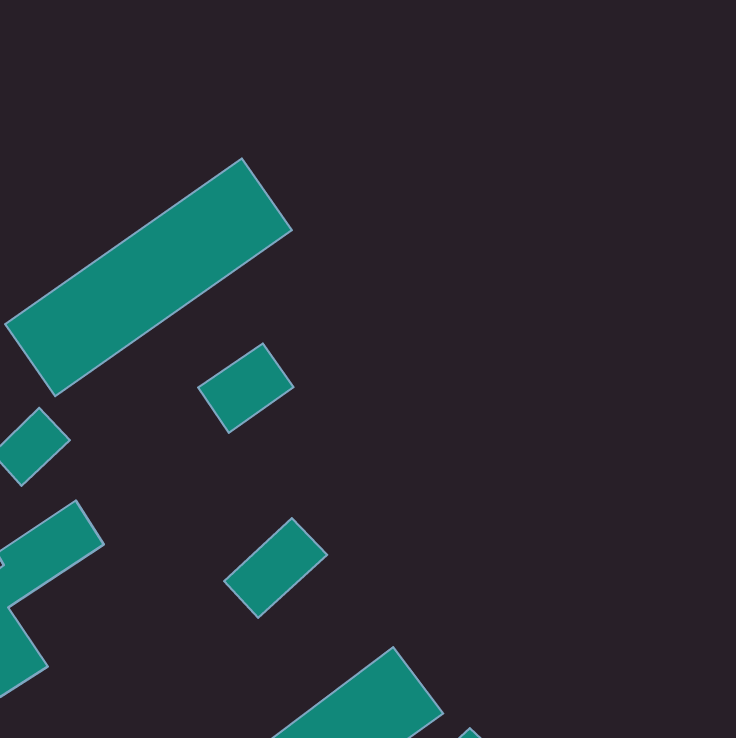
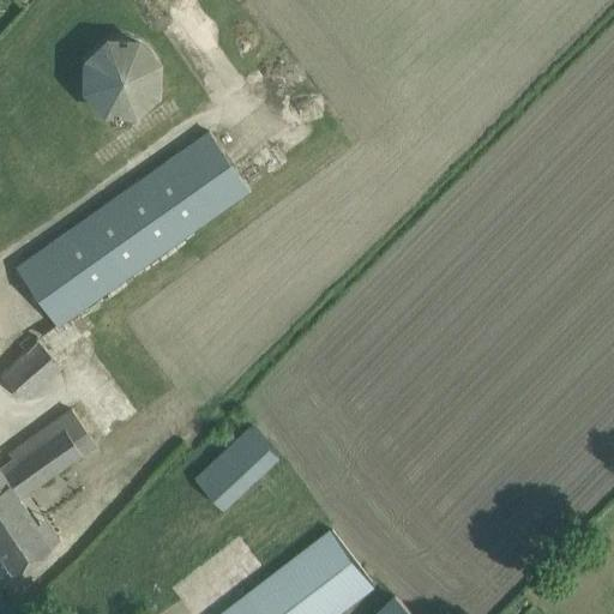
building: none -> [79,40,159,120]
building: [198,343,294,433] -> none

